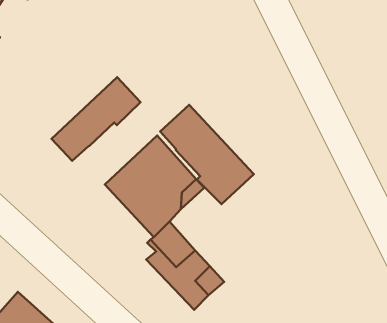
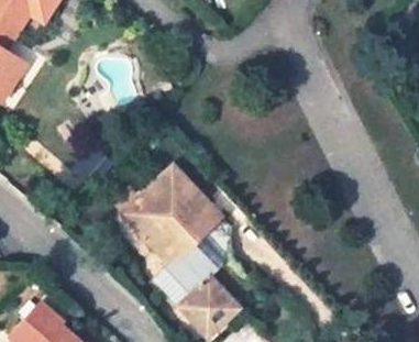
building: [52,77,140,161] -> none
building: [160,105,254,204] -> none

